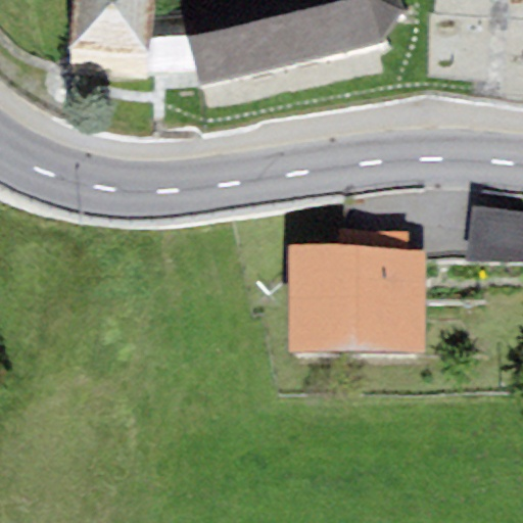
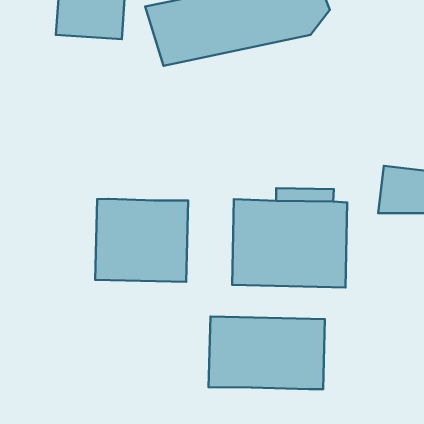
building: none -> [95,199,188,282]
building: none -> [209,317,325,389]

